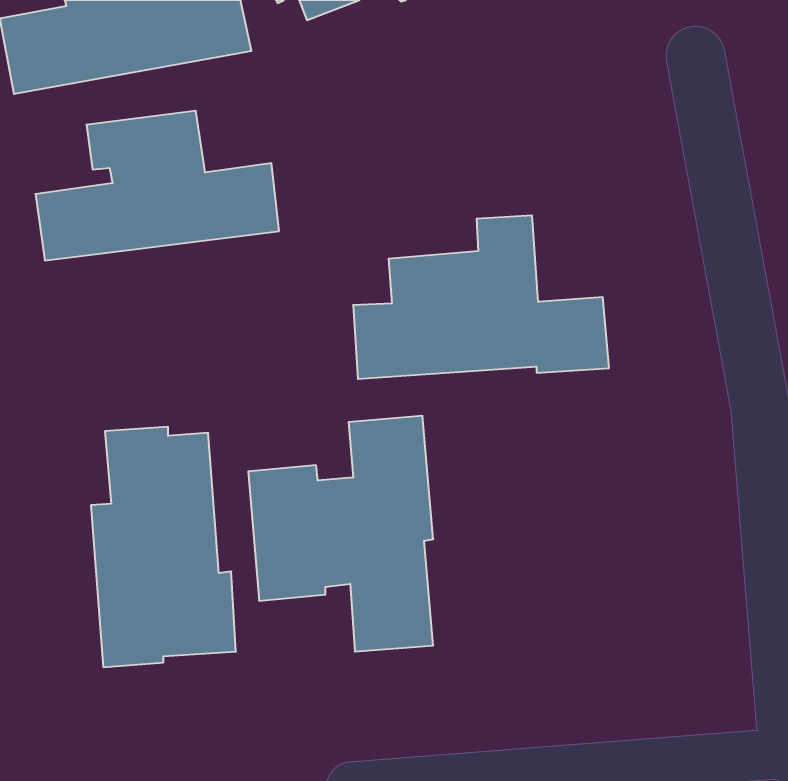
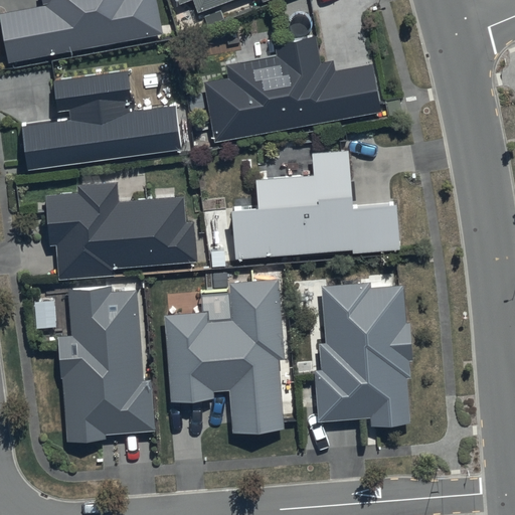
building: none -> [205,38,380,146]
building: none -> [45,181,195,279]
building: none -> [315,280,411,424]

